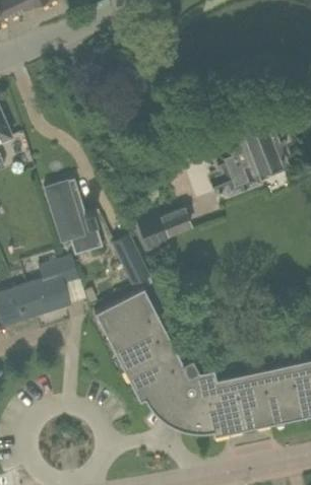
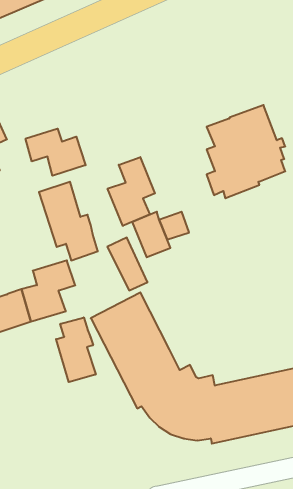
building: none -> [26,129,86,176]
building: none -> [108,157,155,226]
building: none -> [56,317,96,382]

